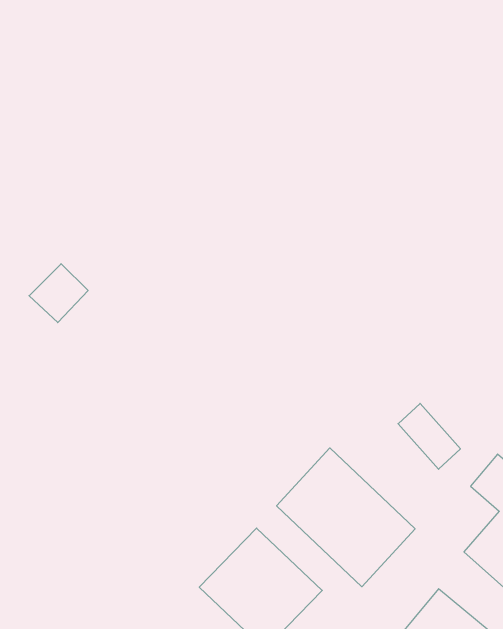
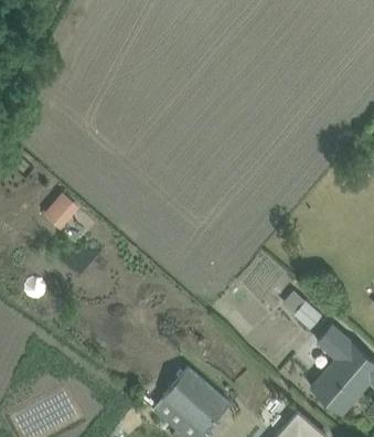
building: [277,448,415,587] -> none

